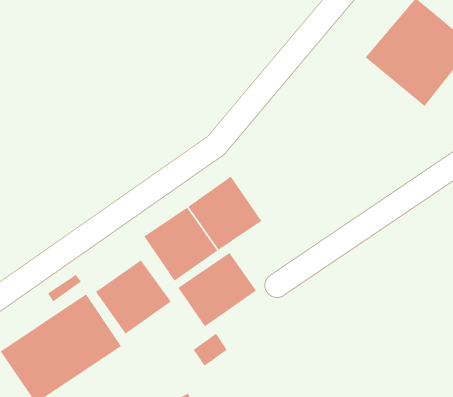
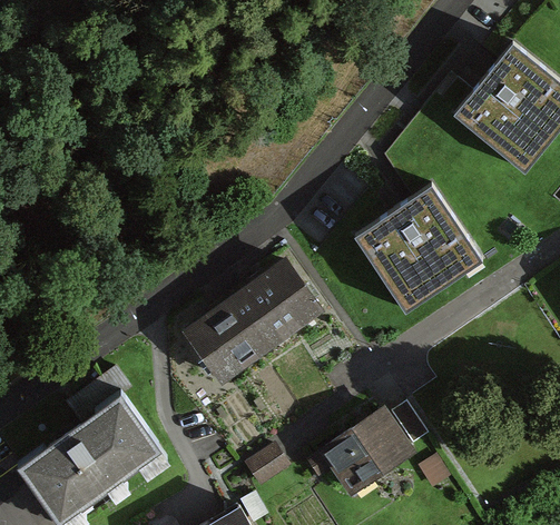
building: none -> [352,184,480,311]
building: [177,252,257,327] -> [317,409,412,498]
building: [95,259,171,335] -> none

